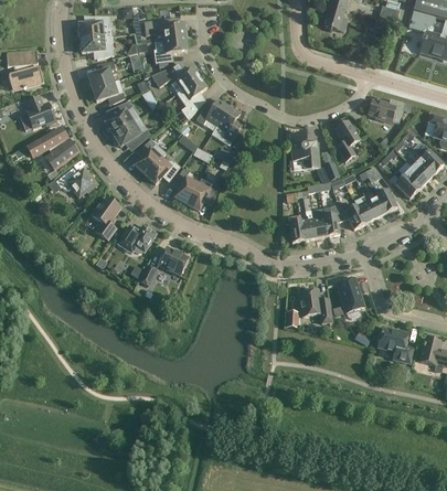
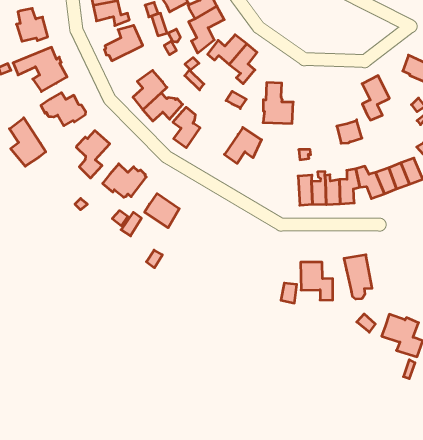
building: [113,118,149,146] -> none
building: [290,134,318,170] -> [263,83,293,123]
building: [187,178,217,210] -> [224,127,262,163]
building: none -> [9,118,46,166]

